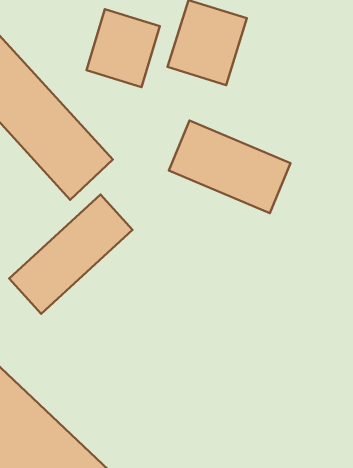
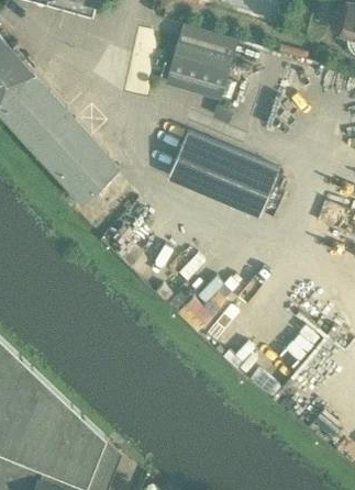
building: [86,9,160,87] -> none
building: [9,195,132,314] -> none

